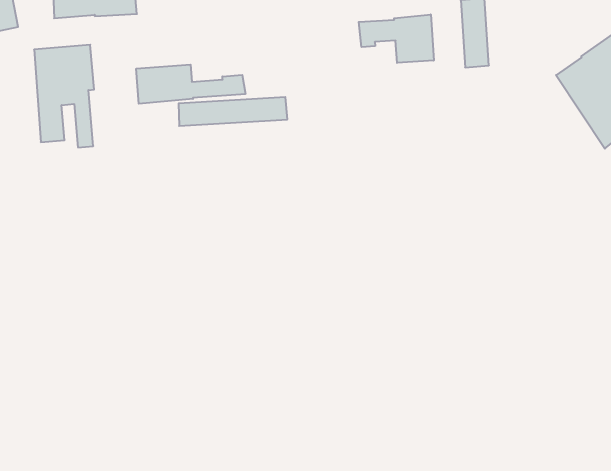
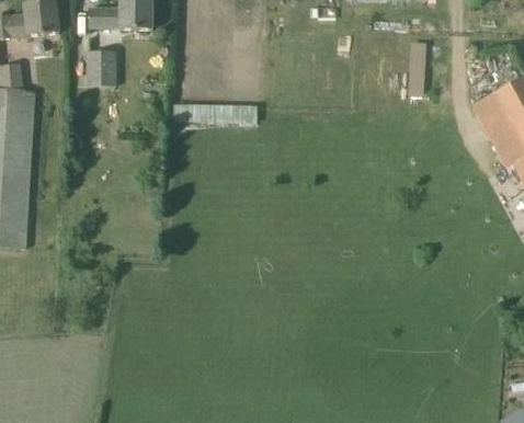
building: [359,14,434,63] -> none
building: [136,65,245,104] -> none

